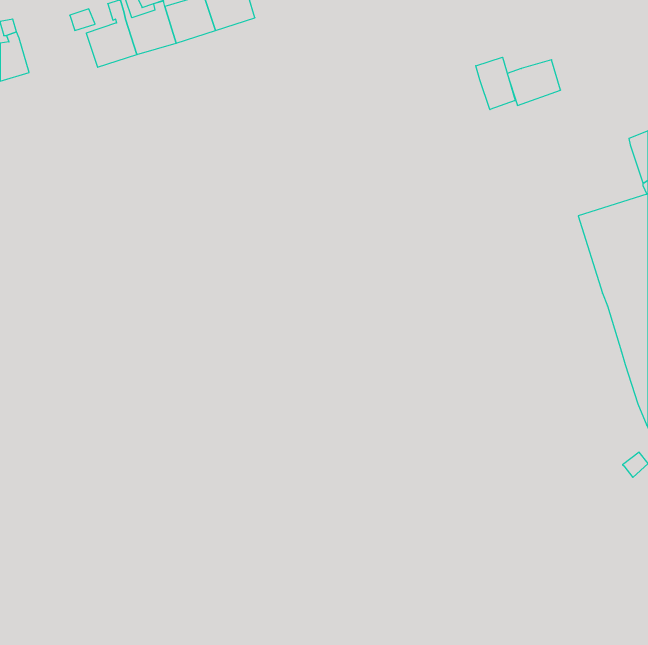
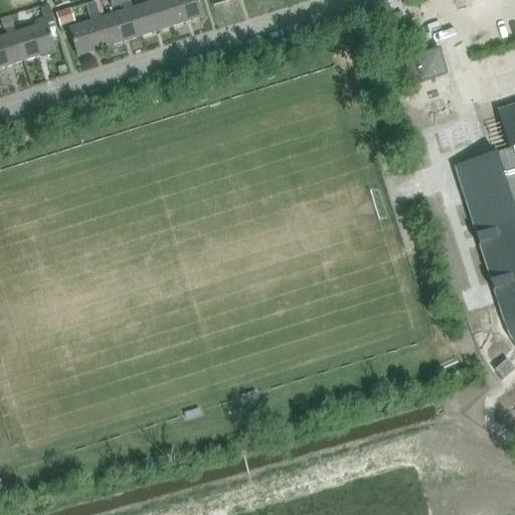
building: none -> [15,16,54,57]
building: [476,57,515,110] -> none

